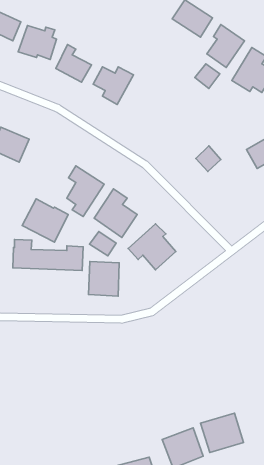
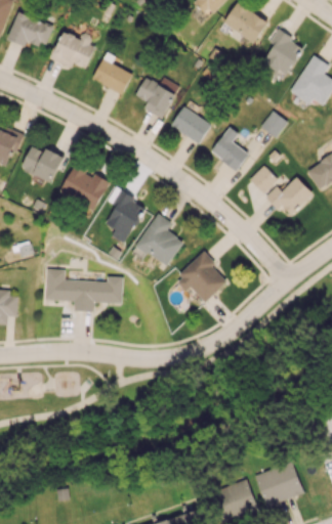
building: [195,64,220,89] -> [259,111,287,138]
building: none -> [170,106,211,143]
building: none -> [210,126,248,171]
building: none -> [264,177,313,215]
building: [22,199,68,242] -> [57,164,109,212]
building: [89,231,116,256] -> none
building: [89,261,119,296] -> none

